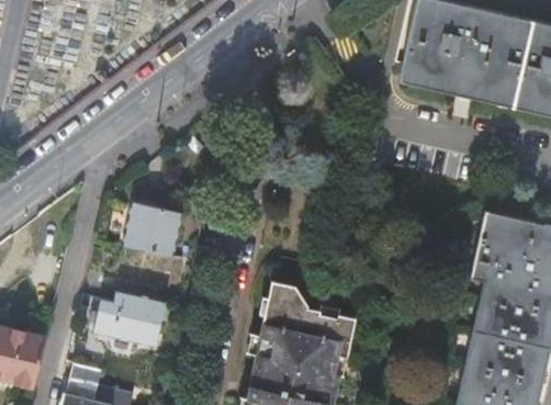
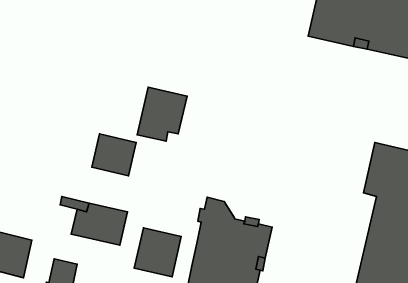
building: none -> [137,87,187,141]
building: none -> [134,228,181,277]

